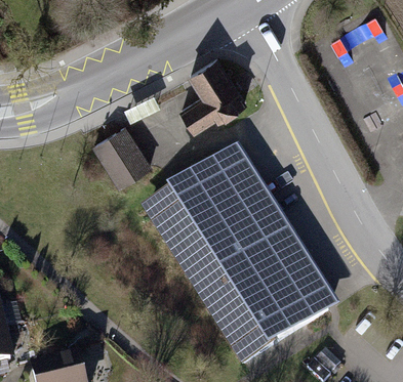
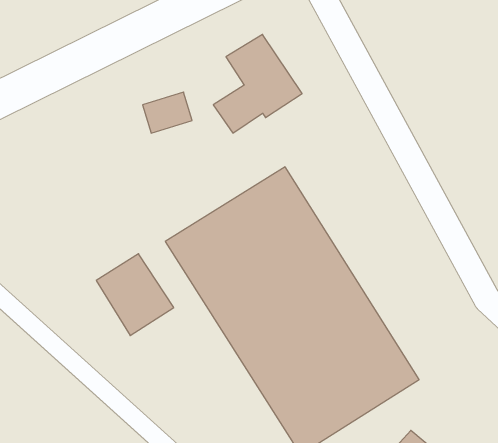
building: [94,123,151,182] -> [96,254,174,336]

